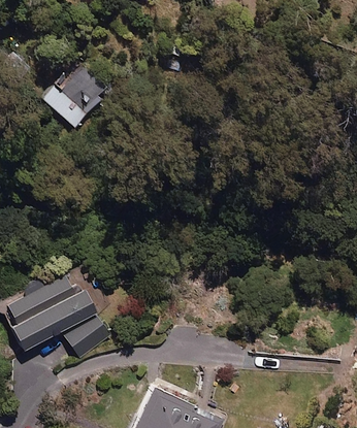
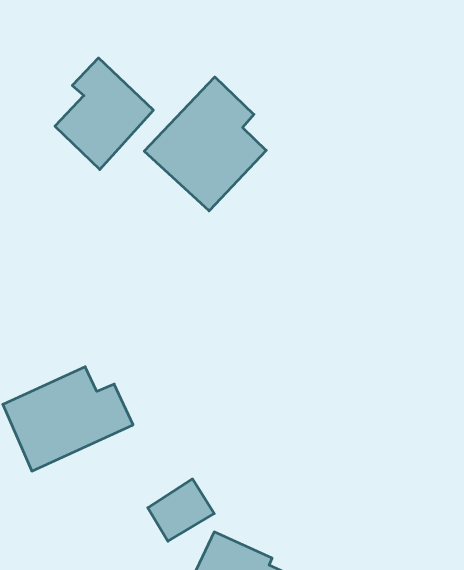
building: none -> [144,77,266,211]
building: [65,315,112,359] -> [148,479,214,541]

